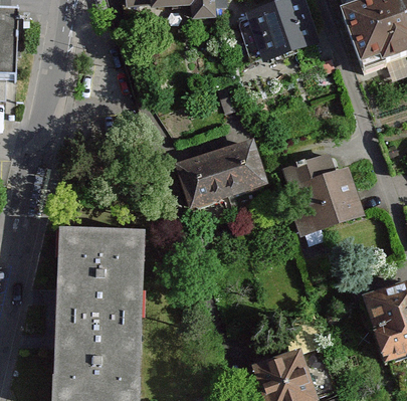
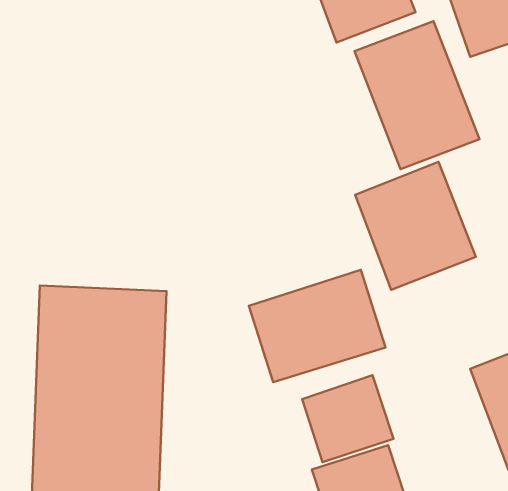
building: none -> [355,21,480,169]
building: [173,132,268,210] -> [249,270,385,382]
building: none -> [302,375,394,462]

